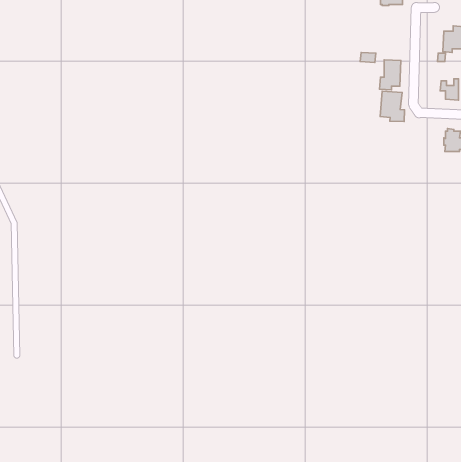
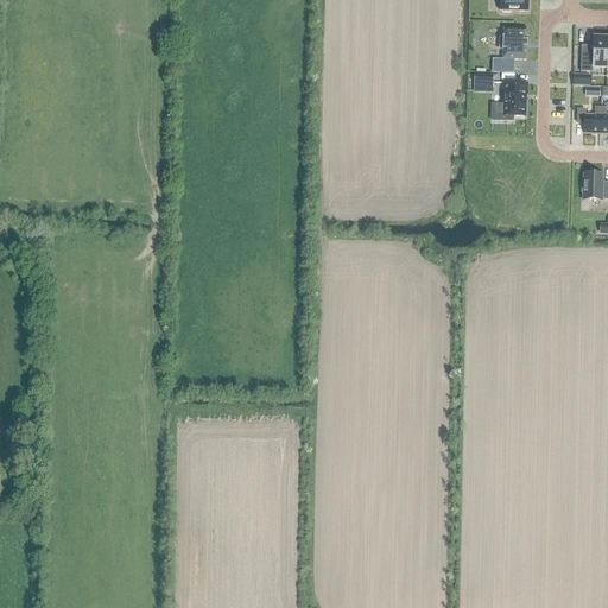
building: none -> [501,26,527,57]
building: [380,91,404,122] -> none

